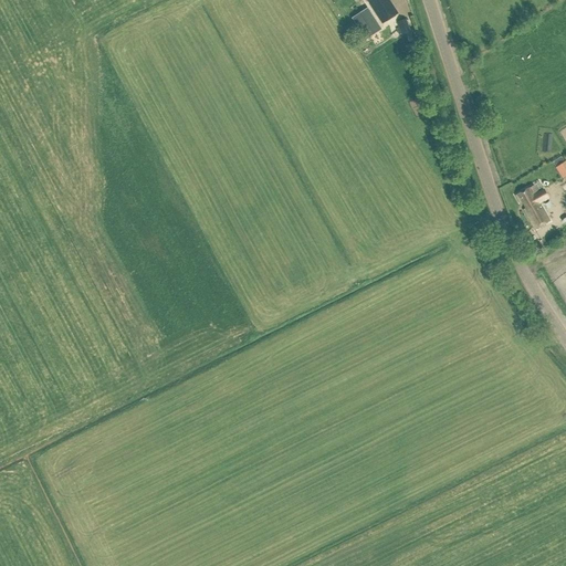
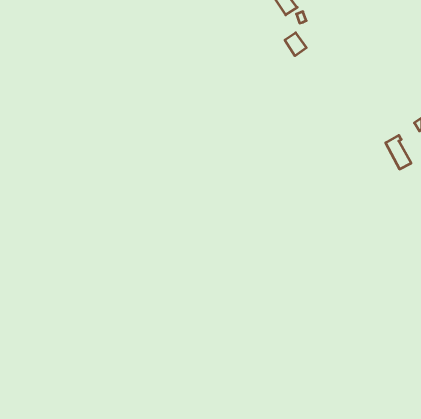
building: [354,4,382,35] -> [285,33,306,56]

